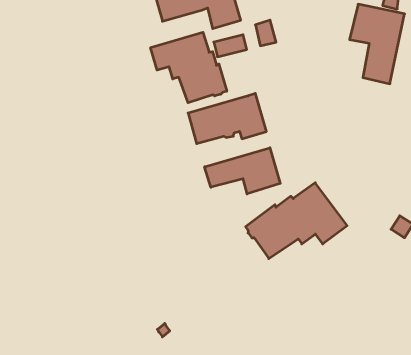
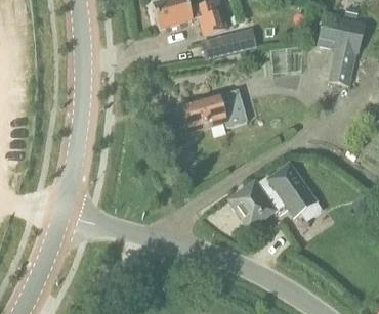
building: [151,32,227,103] -> none
building: [205,148,280,194] -> none

